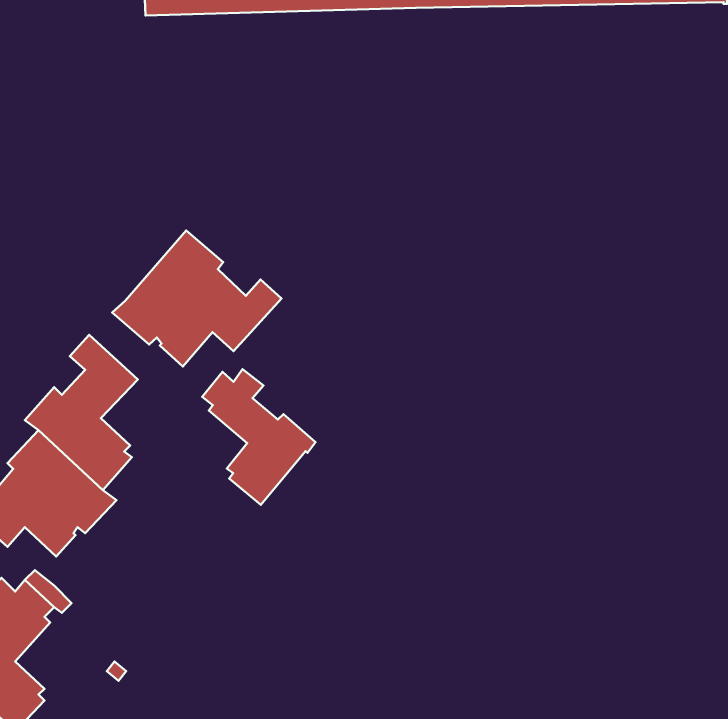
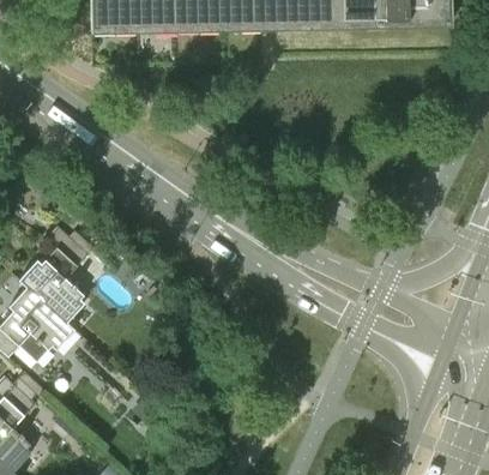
building: [112,230,282,366] -> none
building: [202,369,316,505] -> none

